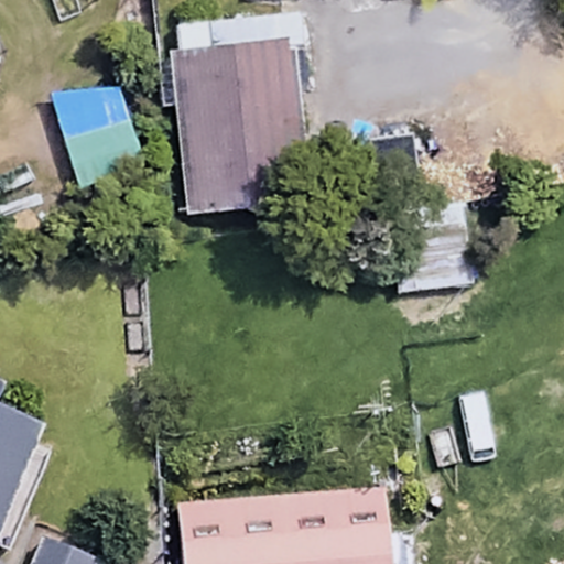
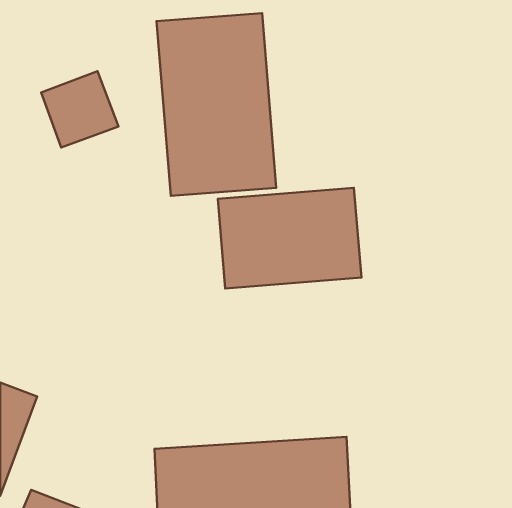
building: none -> [218,188,361,288]

